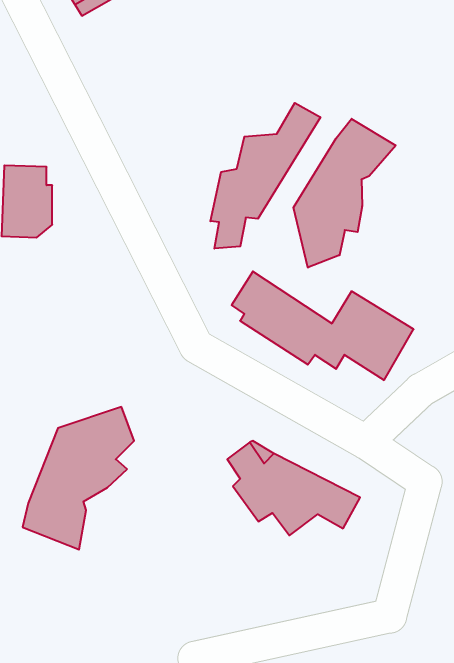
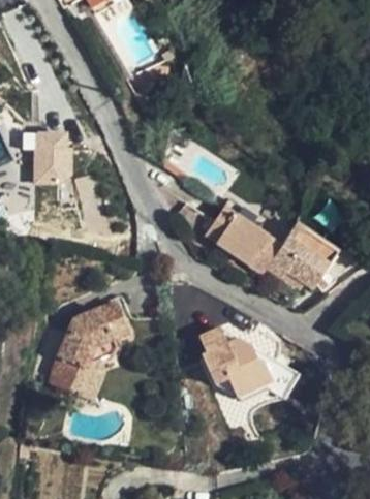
building: [210,103,320,249] -> none
building: [294,119,396,268] -> none

